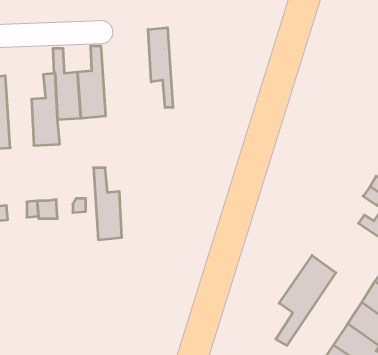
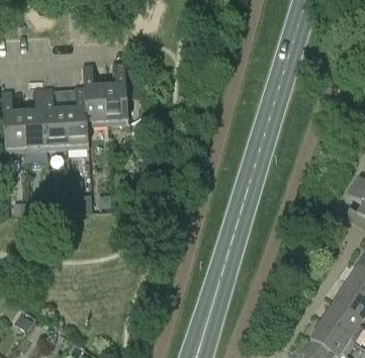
building: [148,28,173,108] -> none
building: [93,168,122,240] -> [42,87,67,149]
building: [276,255,336,345] -> none

